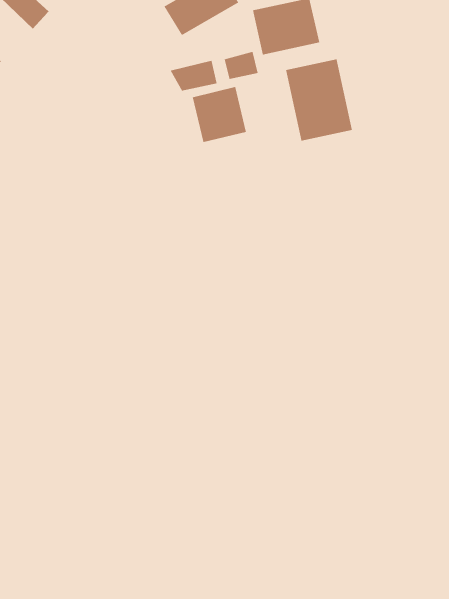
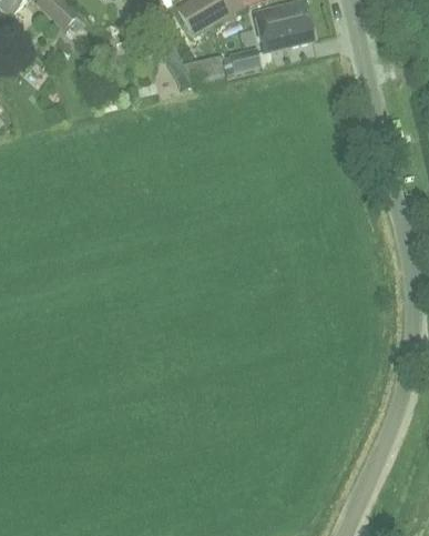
building: [285,59,353,141] -> none
building: [192,86,247,143] -> none

